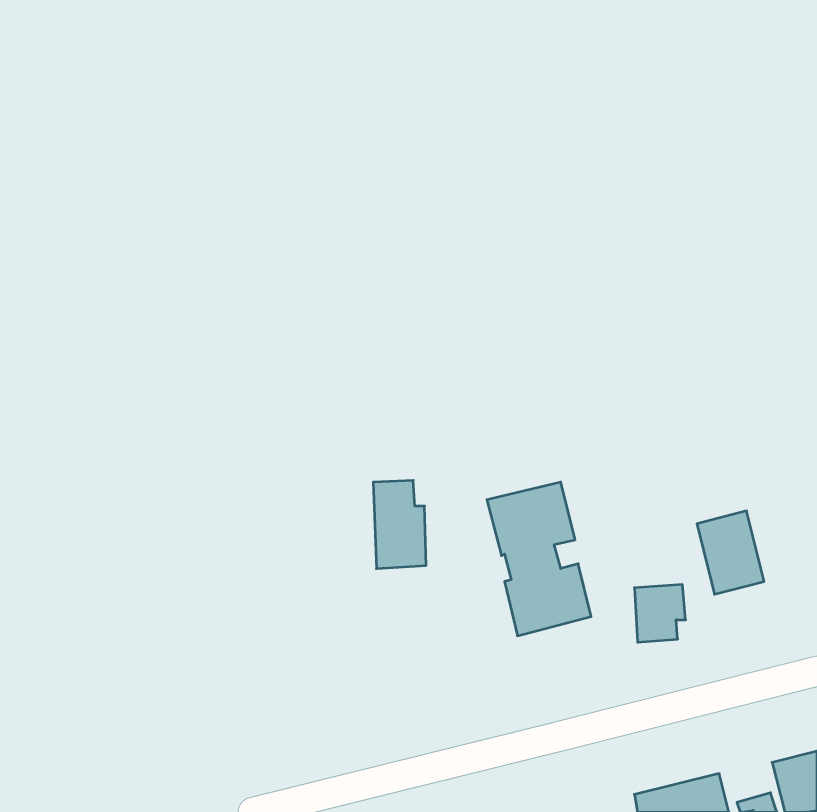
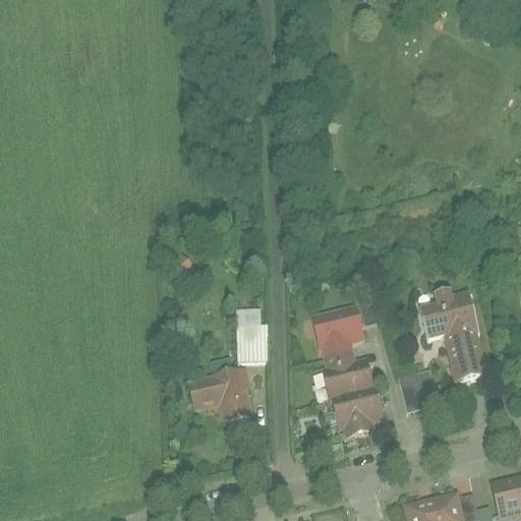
building: none -> [417,286,479,337]
building: none -> [187,369,251,424]
building: none -> [333,396,384,441]

